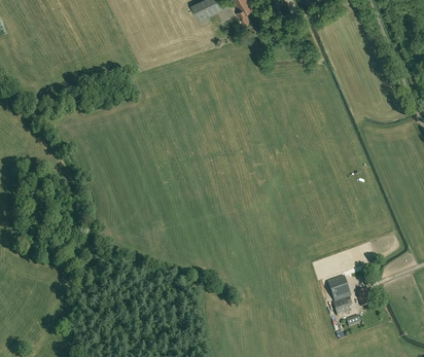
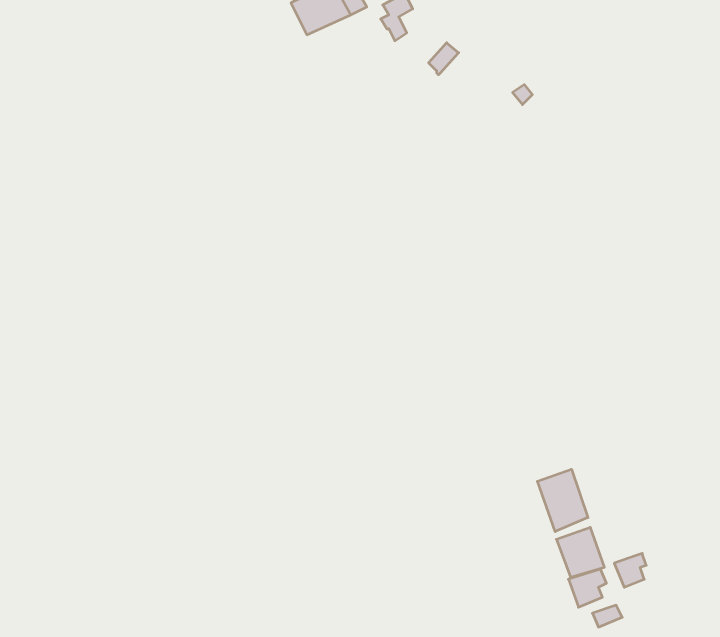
building: none -> [537,469,588,532]

